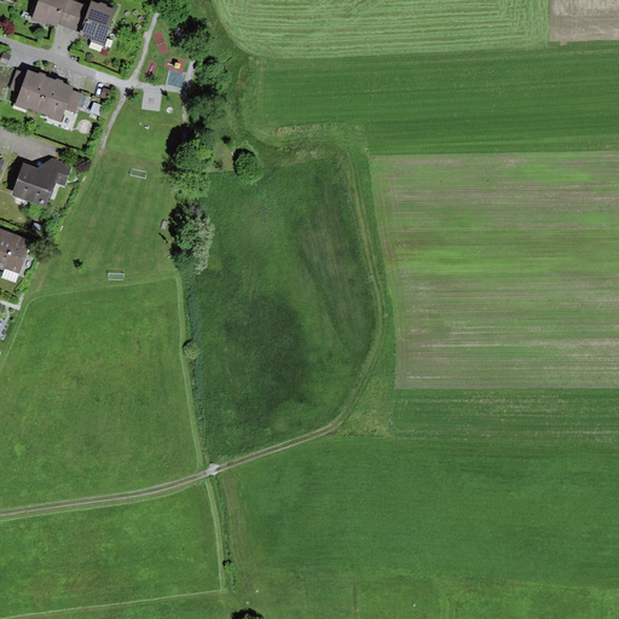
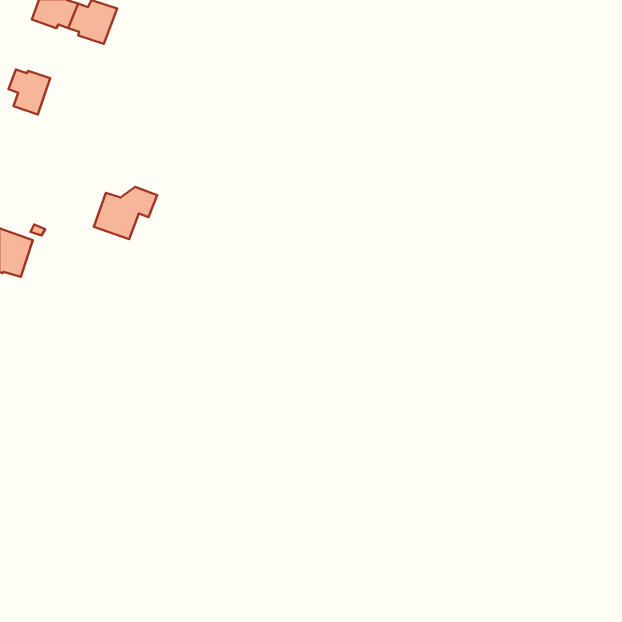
building: [37,77,80,121] -> none
building: [10,157,73,209] -> [94,187,157,239]

